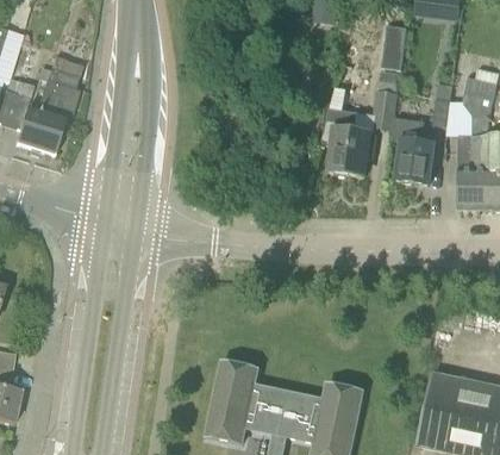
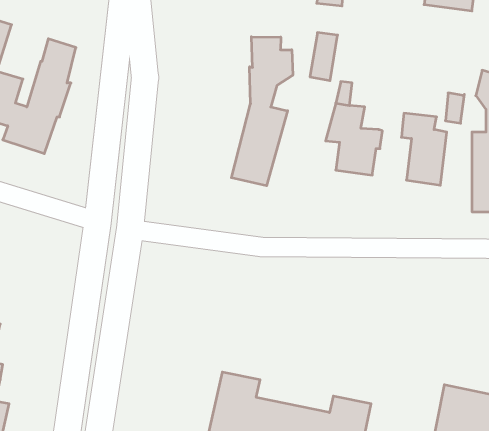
building: [380,25,406,70] -> [310,33,338,81]
building: none -> [231,37,293,186]
building: [371,89,396,129] -> none

